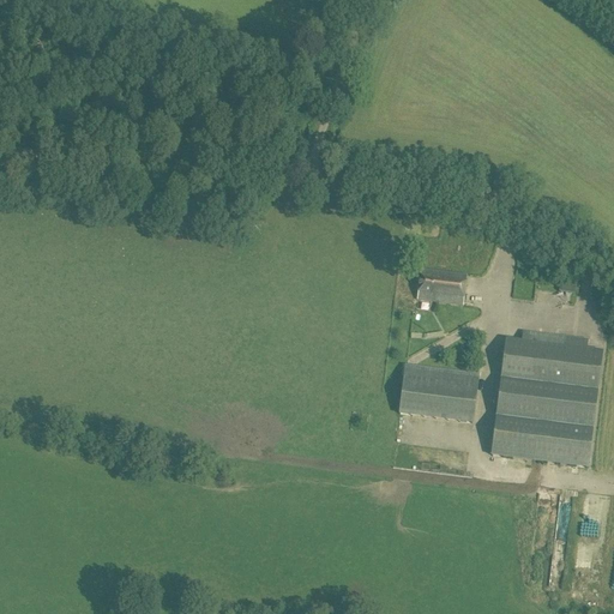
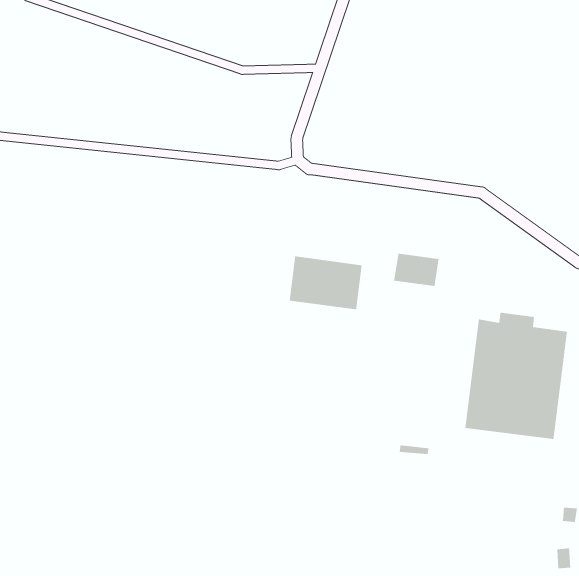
building: [399,363,477,421] -> [289,256,362,310]

